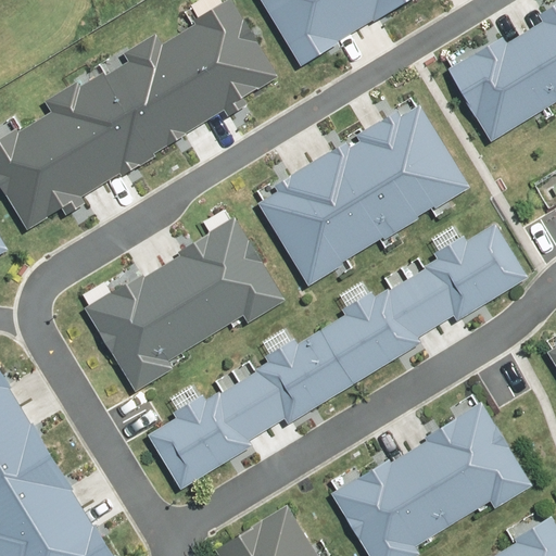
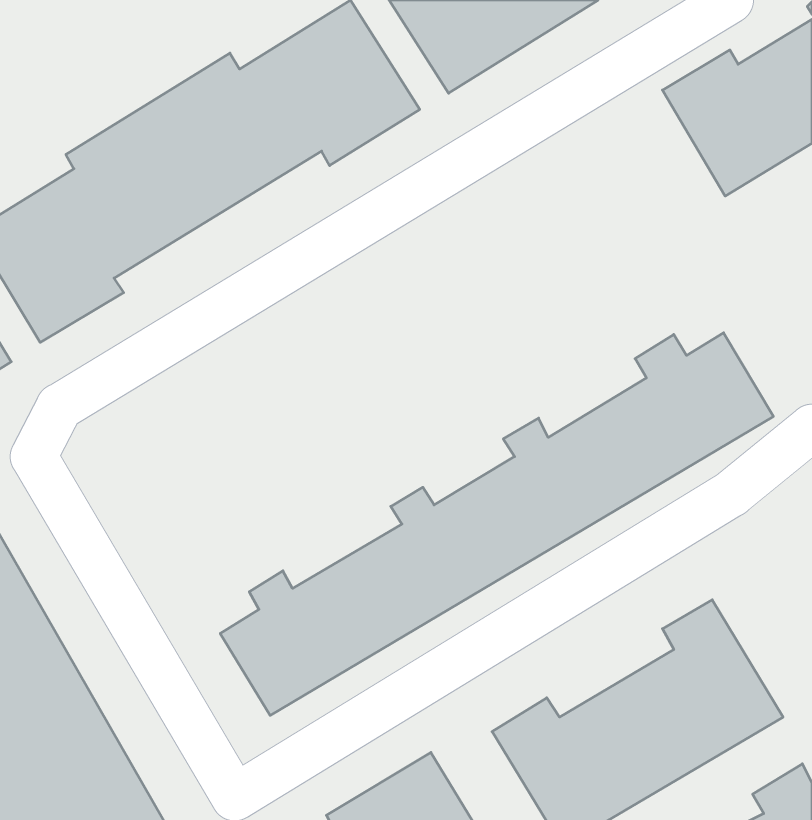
building: [262,106,467,283] -> none
building: [77,210,282,387] -> none

